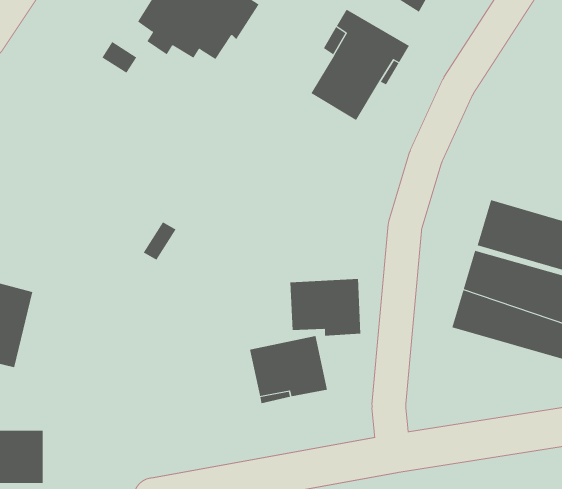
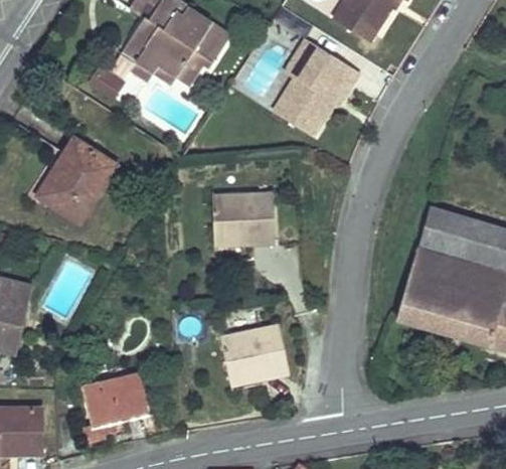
building: none -> [38,138,116,221]
building: [289,279,361,336] -> [212,192,275,243]
building: none -> [86,374,145,423]

